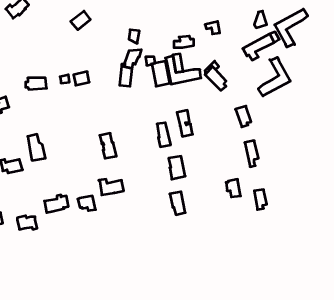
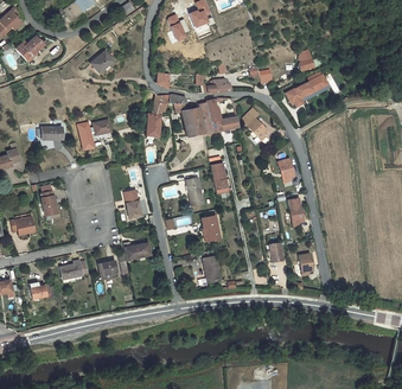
building: [275,9,308,47] -> none
building: [258,57,290,96] -> none

